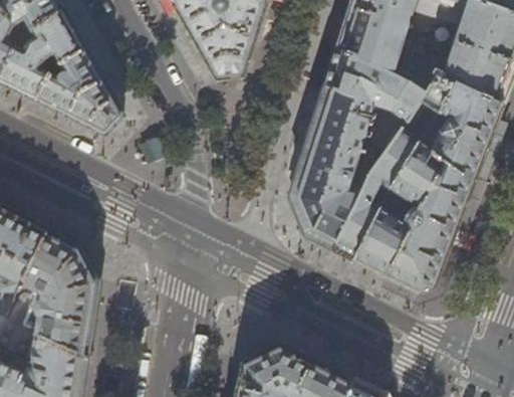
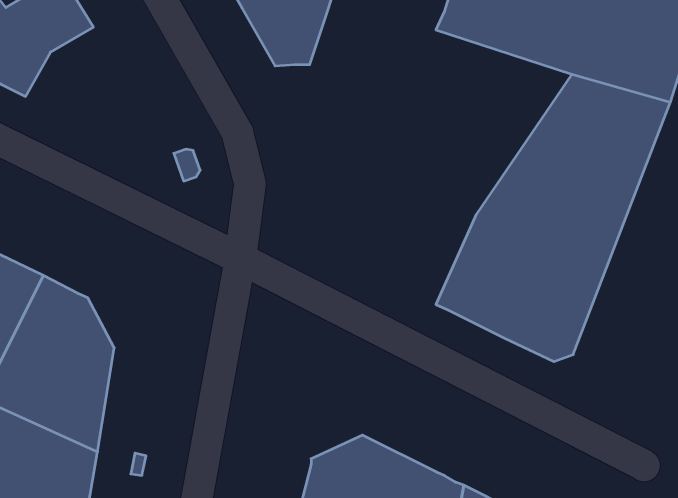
building: [35,51,122,137] -> none
building: [288,53,431,252] -> none

